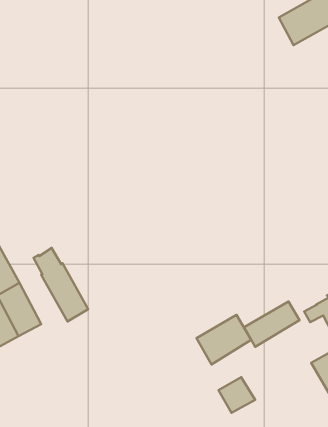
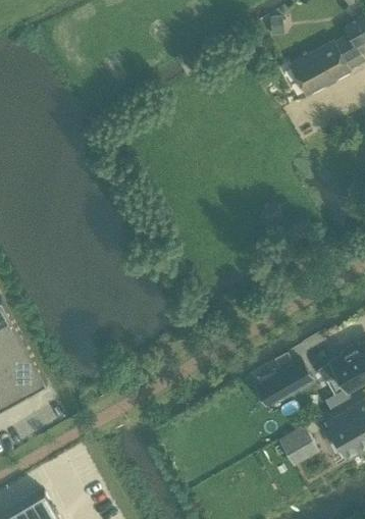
building: [33,248,88,321] -> none
building: [196,315,251,364] -> none
building: [219,377,255,413] -> [278,432,316,469]

